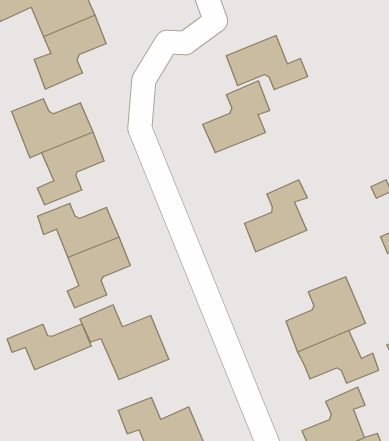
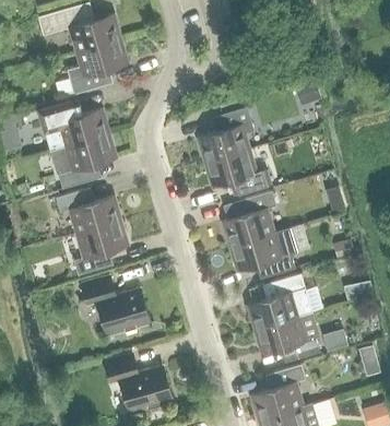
building: [226,36,308,90] -> [205,151,270,194]
building: none -> [229,228,298,279]
building: [7,324,91,370] -> none

